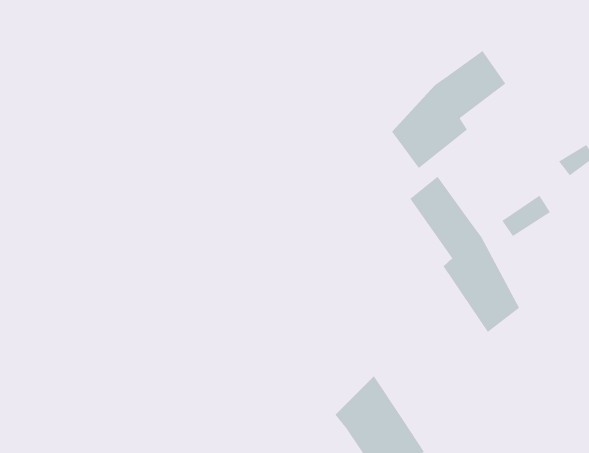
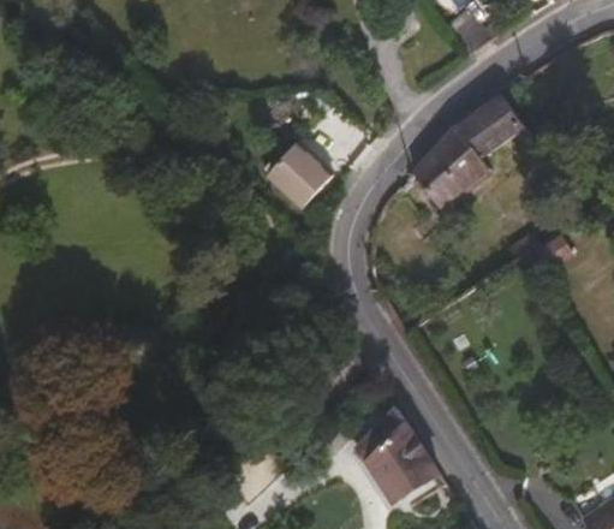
building: none -> [264,142,333,208]
building: [410,176,520,333] -> none

